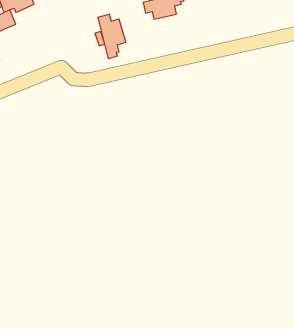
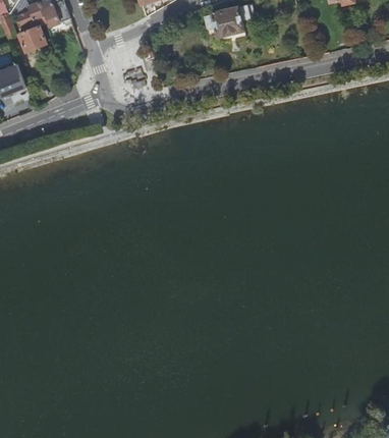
building: [98,14,126,59] -> none

